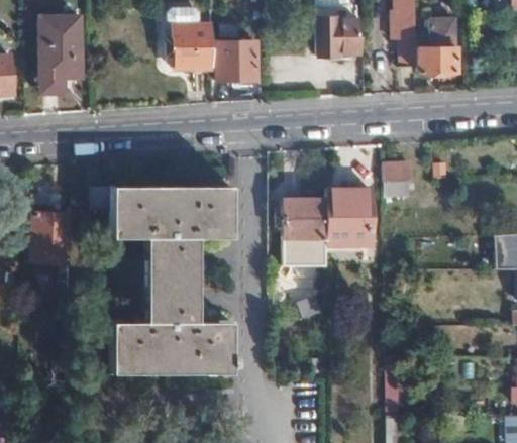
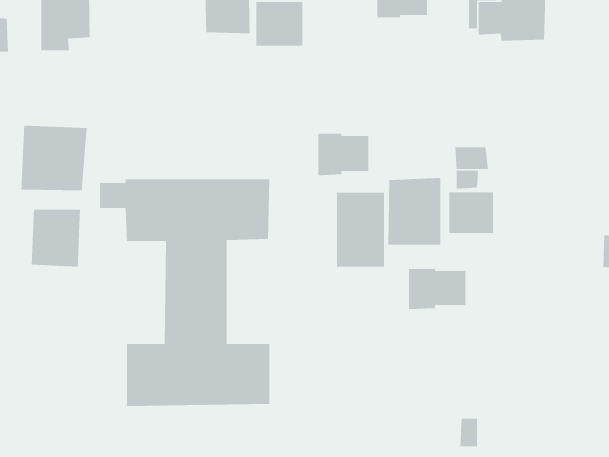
building: none -> [21,125,87,191]
building: none -> [318,133,369,176]
building: none -> [449,191,494,234]
building: none -> [408,268,466,310]

